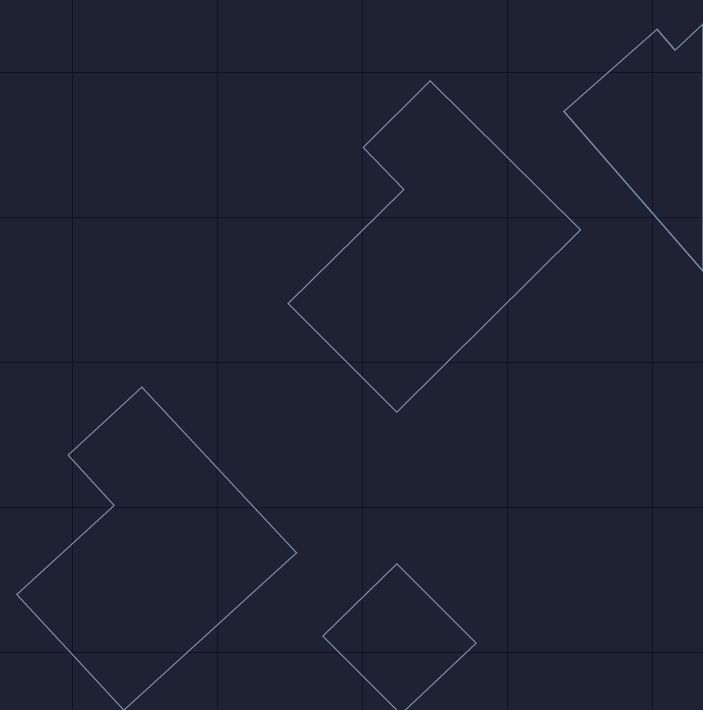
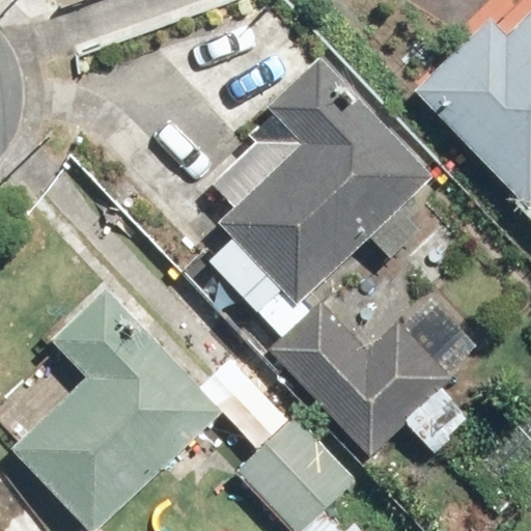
building: none -> [270,305,451,454]

